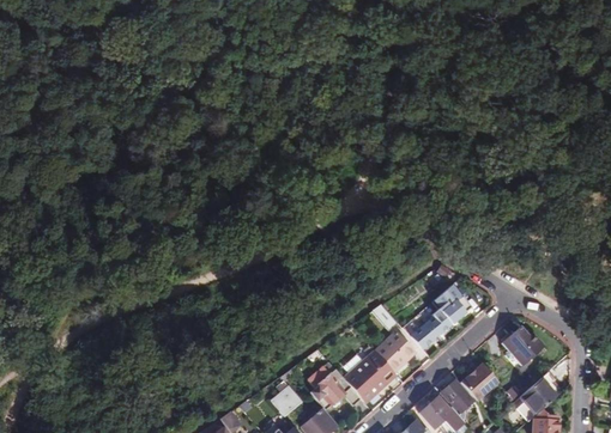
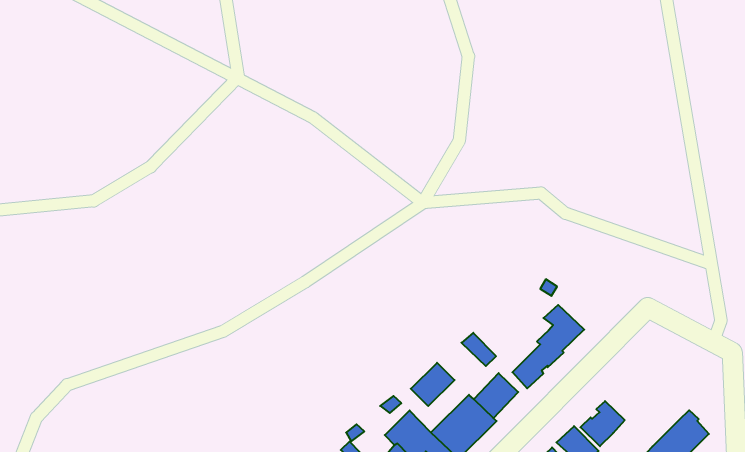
building: [501,324,543,364] -> none
building: none -> [411,363,455,406]

